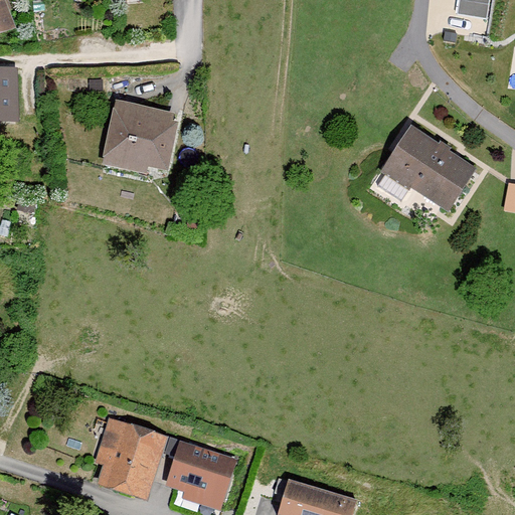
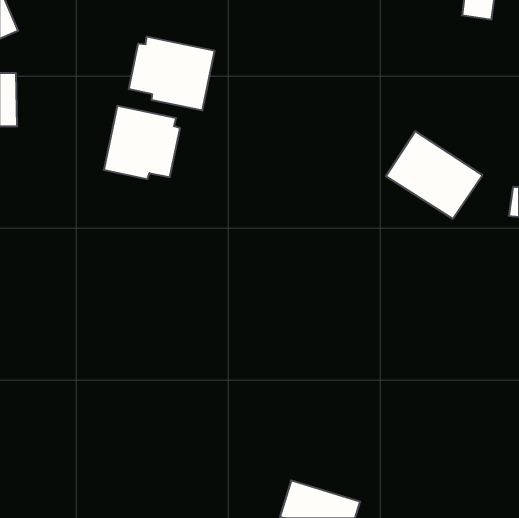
building: none -> [129,37,215,111]
building: [95,414,168,495] -> none
building: [165,438,237,507] -> none

